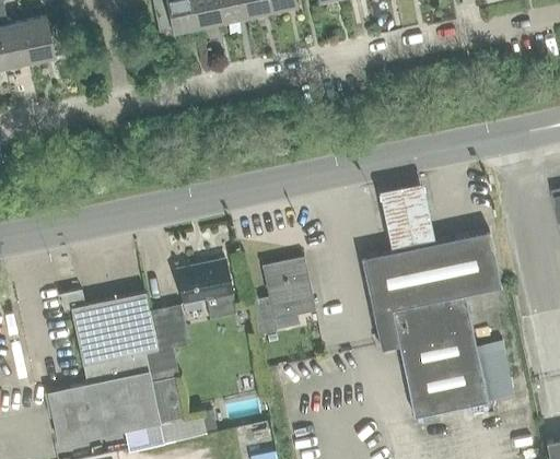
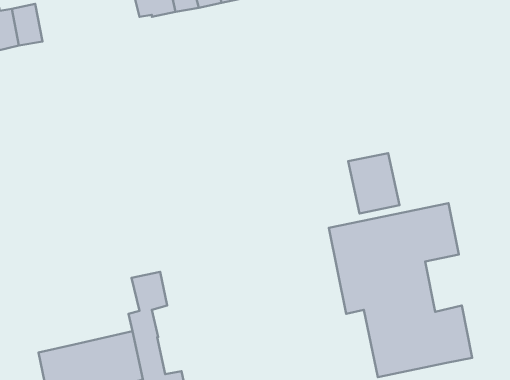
building: [253,259,316,336] -> none
building: [177,260,236,319] -> none
building: [62,291,159,384] -> none

